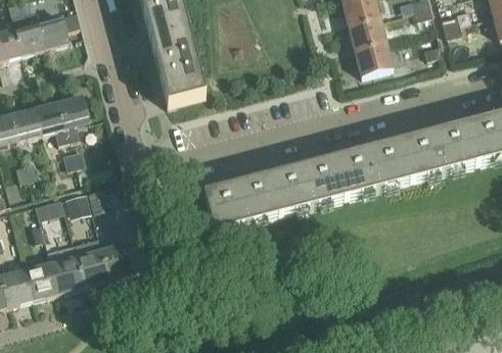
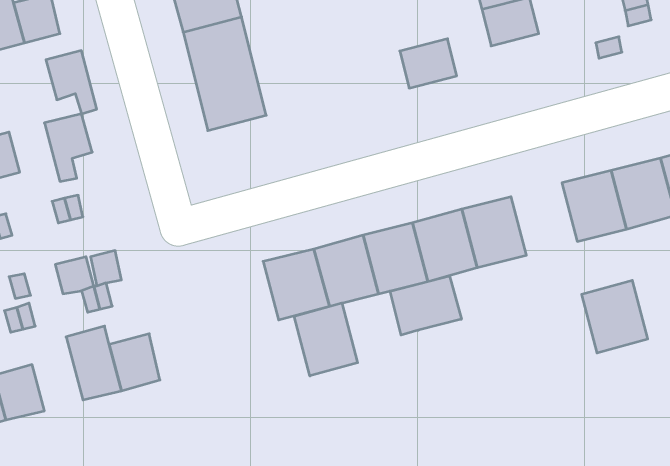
building: [355,42,393,74] -> [400,39,457,88]
building: [35,101,69,143] -> [46,51,97,114]
building: [368,141,412,189] -> [582,280,648,353]
building: none -> [390,276,461,335]
building: none -> [294,303,358,376]
building: [47,243,84,292] -> none

